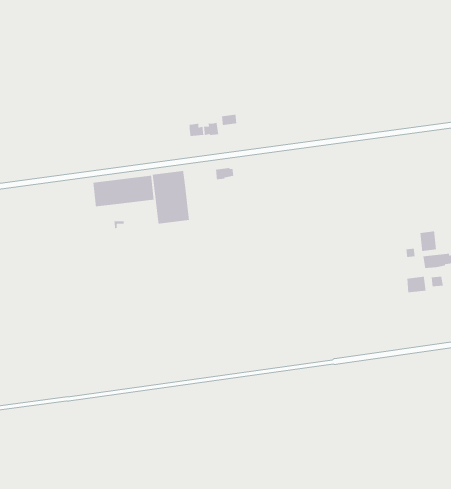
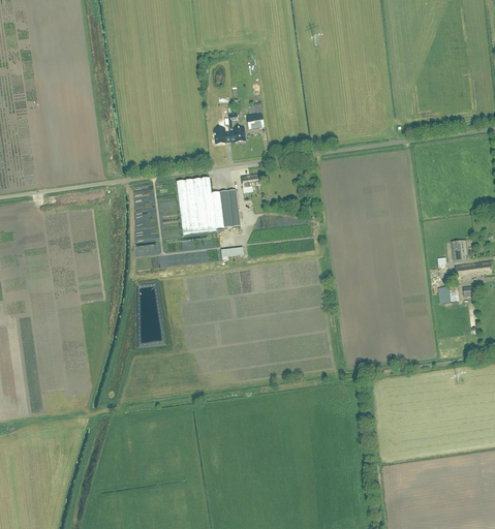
building: [92,175,155,207] -> none
building: none -> [211,189,240,228]

